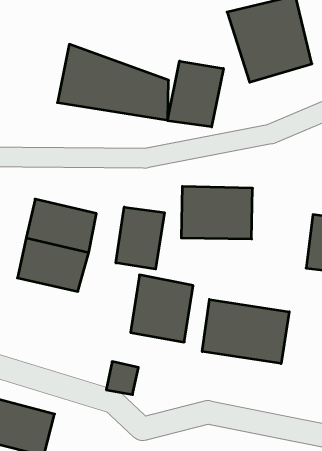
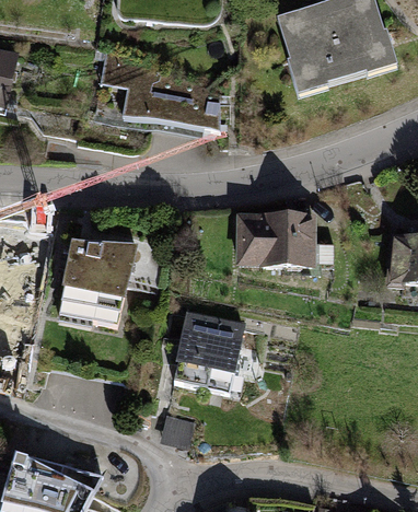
building: [168,61,223,127] -> none
building: [116,207,164,269] -> none
building: [202,299,289,364] -> none

